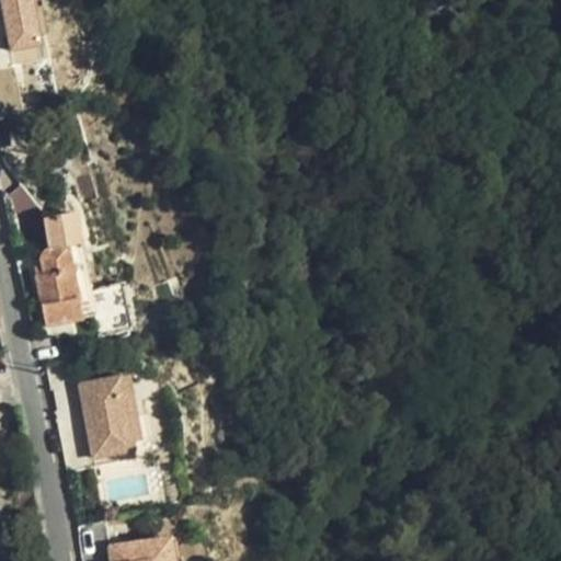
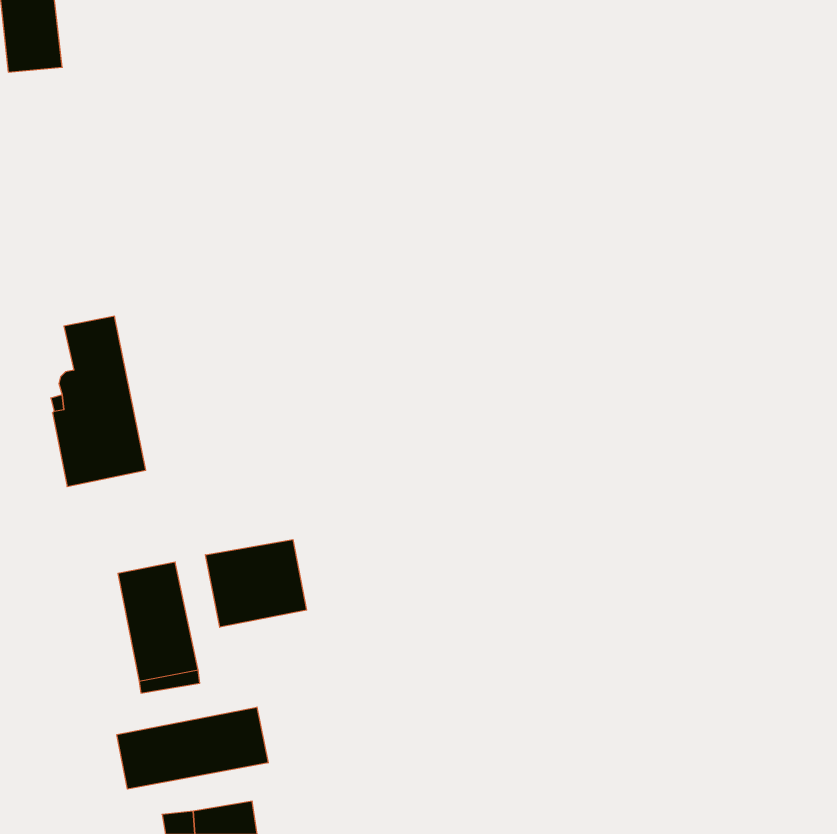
building: none -> [205,540,307,627]
building: none -> [117,707,268,789]

